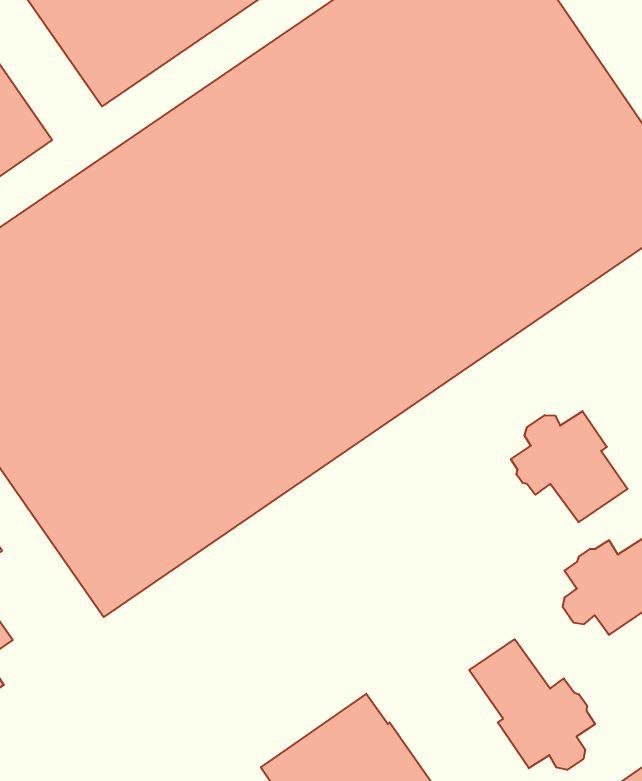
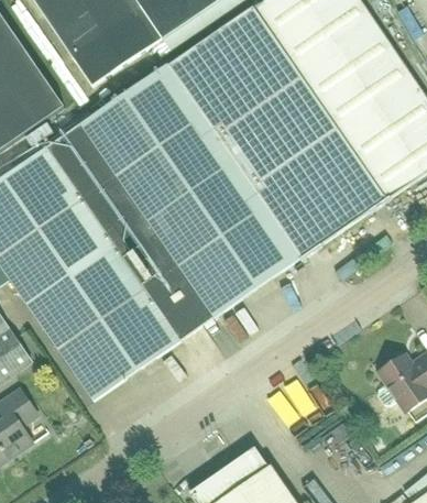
building: [511,411,628,522] -> none
building: [469,639,595,770] -> none

